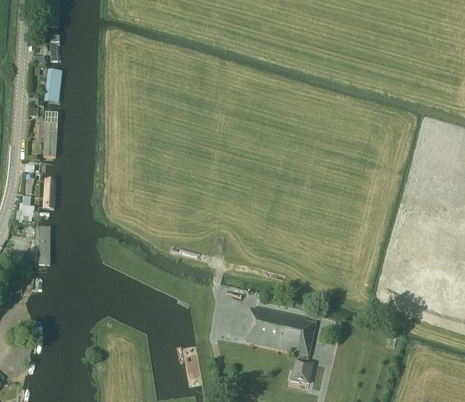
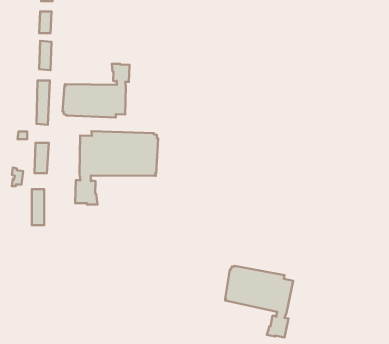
building: none -> [63,64,129,118]
building: none -> [75,131,158,204]

